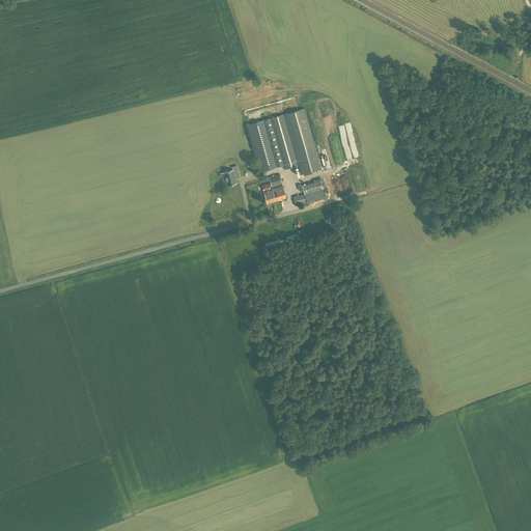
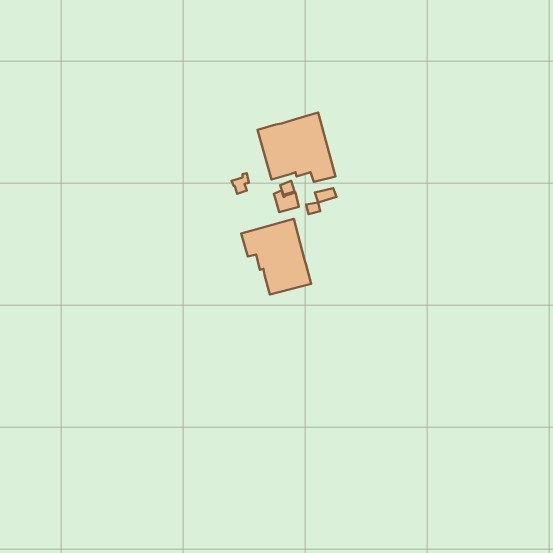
building: none -> [241,219,311,295]

